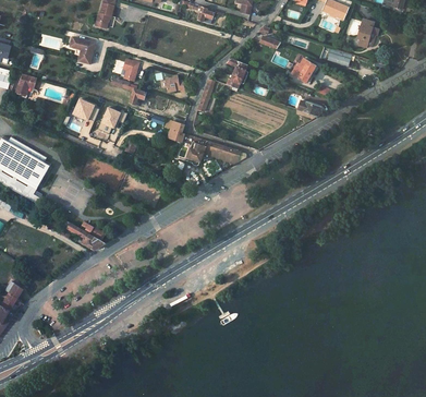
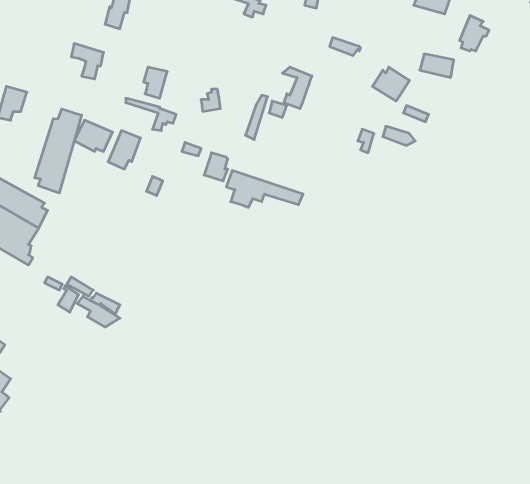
building: none -> [35,109,82,193]

